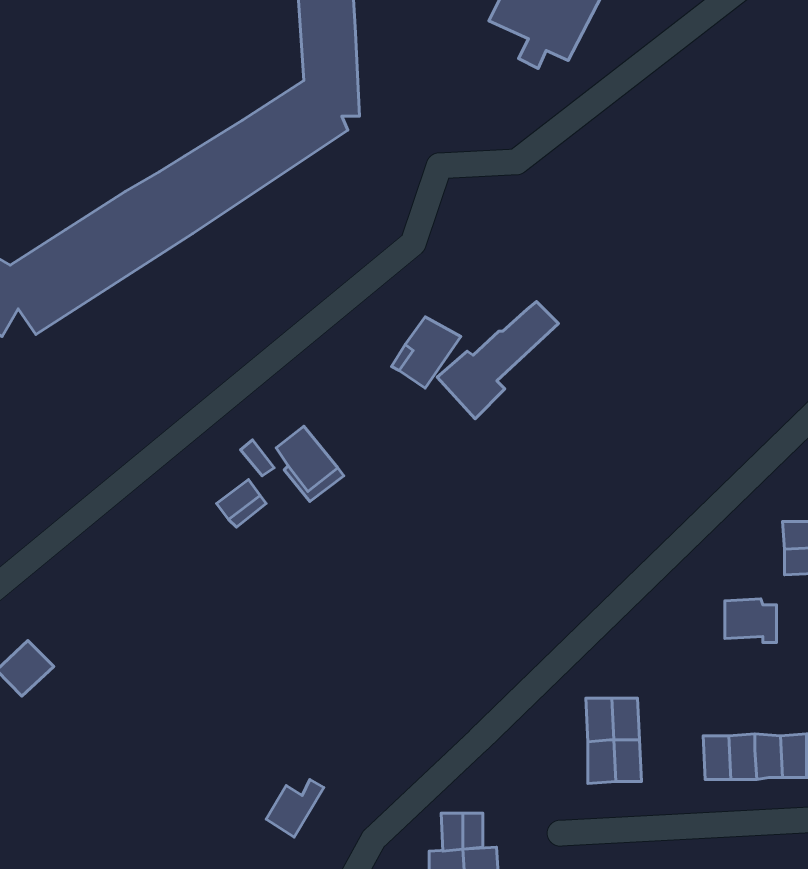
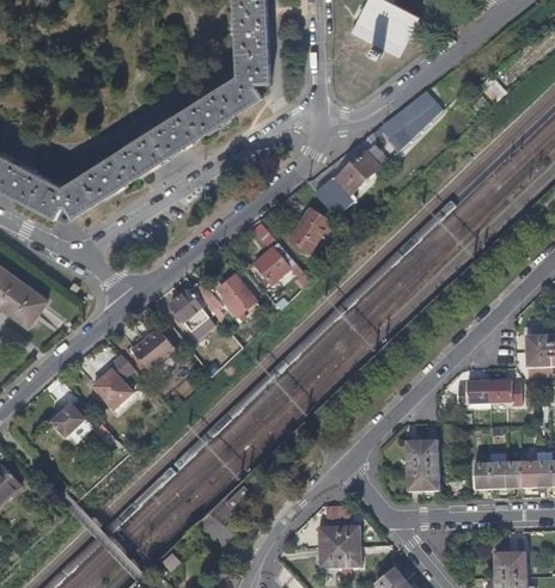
building: none -> [379,87,444,149]
building: [437,302,558,419] -> [315,146,388,216]
building: none -> [252,241,298,284]
building: none -> [170,290,203,321]
building: none -> [133,323,177,367]
building: none -> [92,353,138,411]
building: none -> [459,380,490,406]

